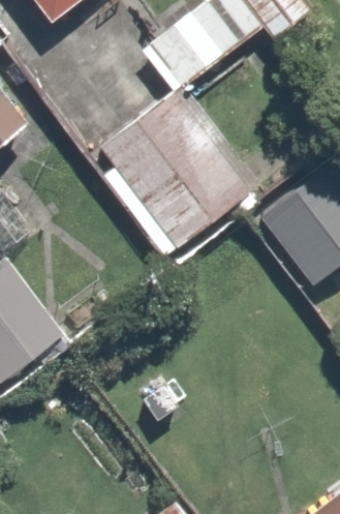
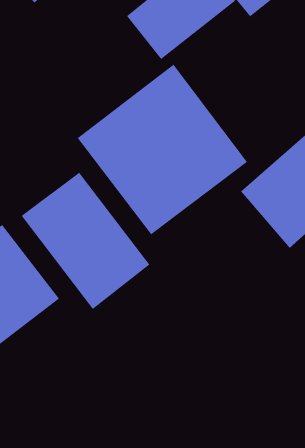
building: none -> [21,172,150,310]

